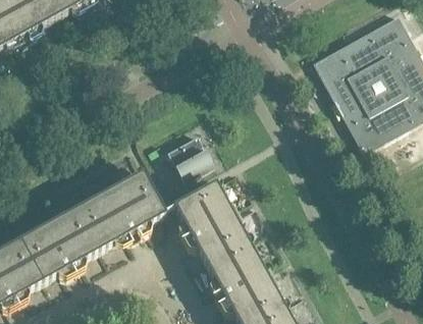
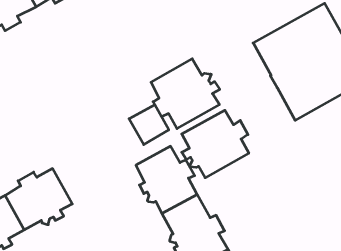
building: none -> [151,59,220,129]
building: none -> [182,110,249,178]
building: [74,172,164,251] -> none

